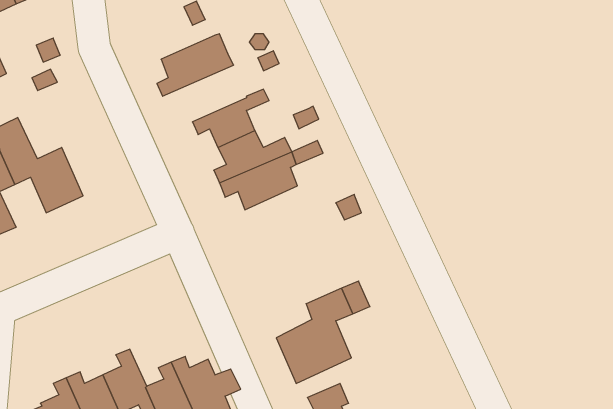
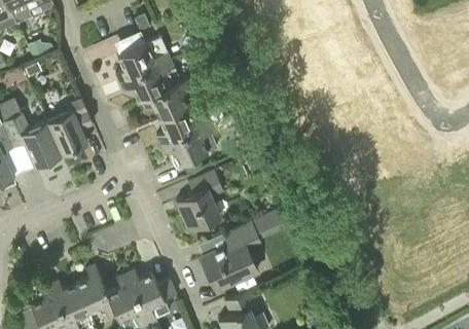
building: none -> [119,60,180,102]
building: none -> [46,98,93,154]
building: none -> [177,171,222,230]

